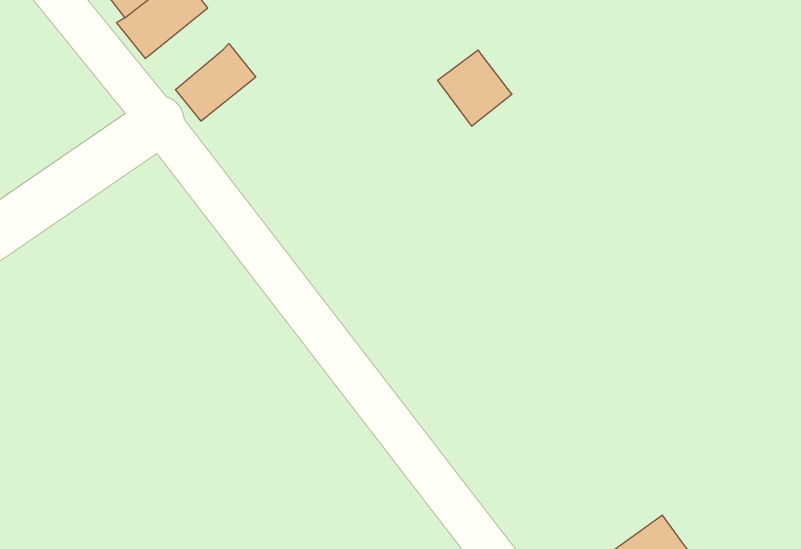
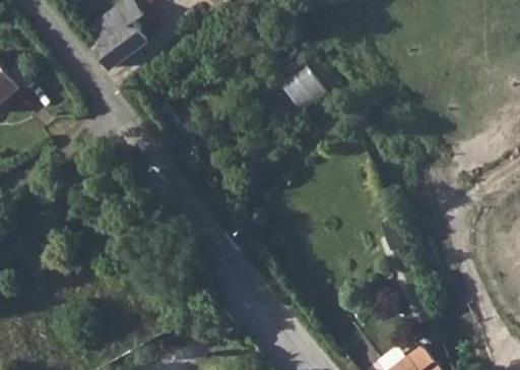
building: [175,44,256,121] -> none

